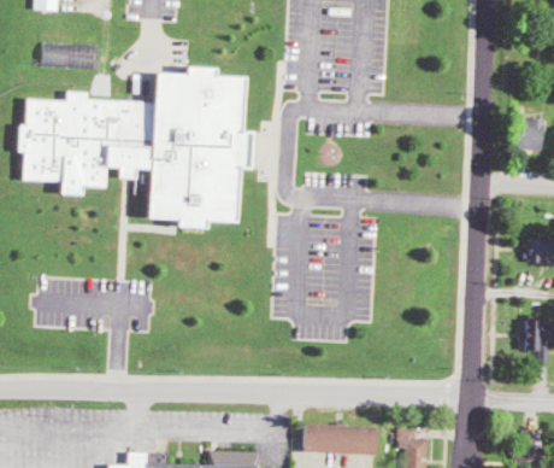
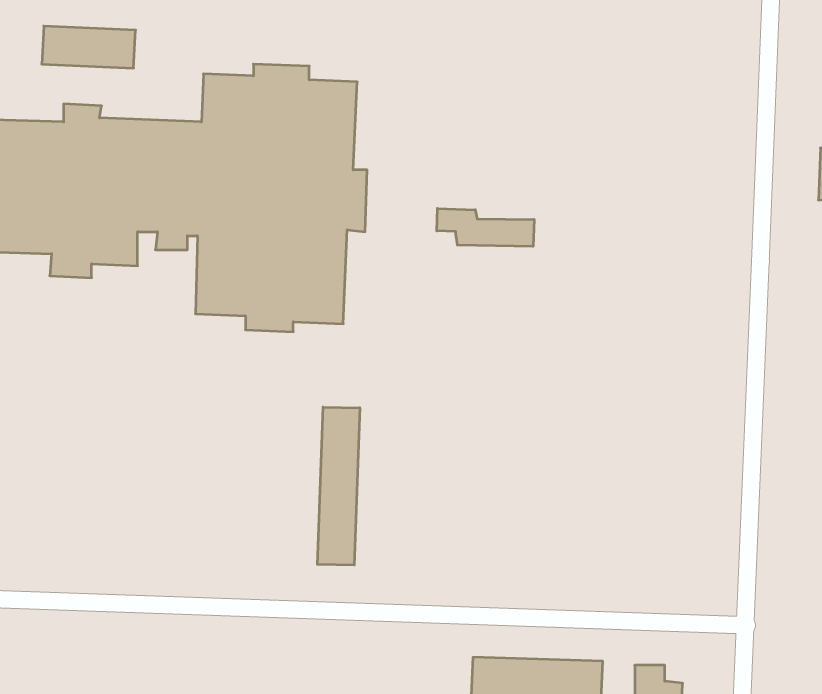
building: none -> [437,208,534,246]
building: none -> [317,407,360,565]

